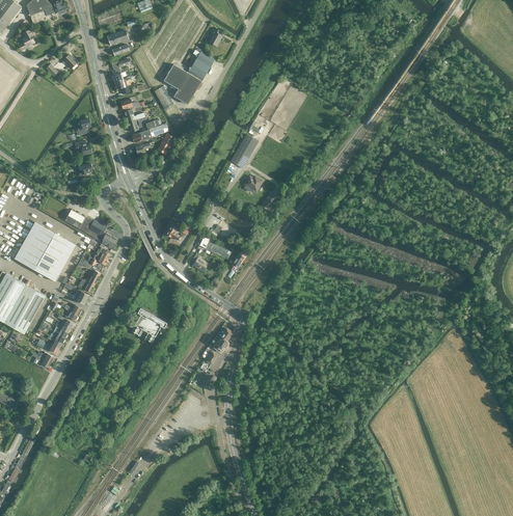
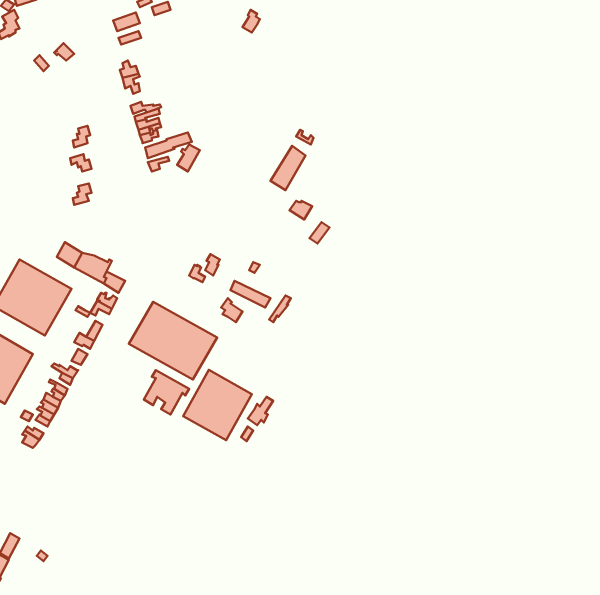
building: [162,51,214,103] -> none
building: none -> [129,302,217,380]
building: none -> [183,370,252,440]

